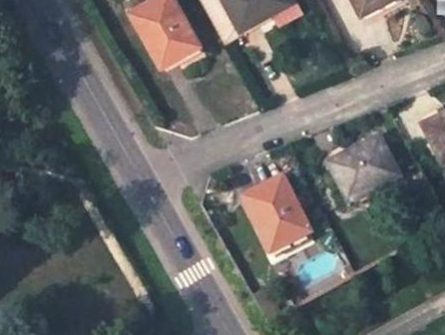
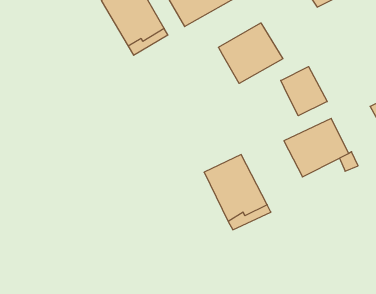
building: none -> [218,23,283,83]
building: none -> [281,67,327,116]

